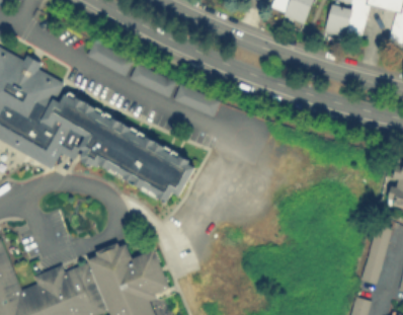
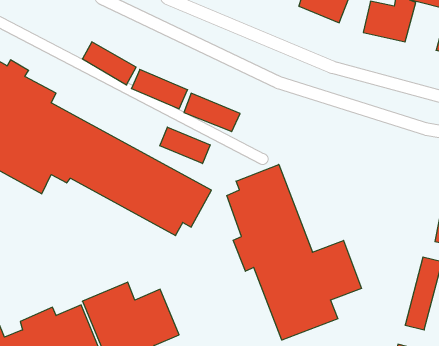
building: none -> [160,127,210,164]
building: none -> [227,164,362,340]

